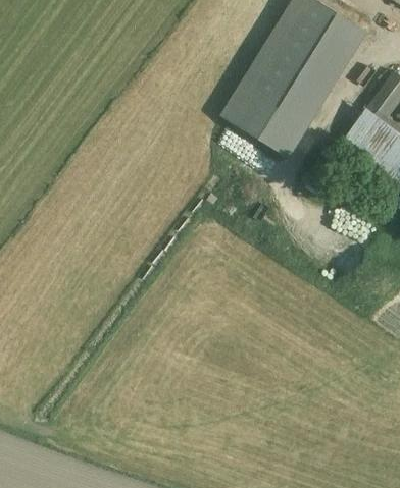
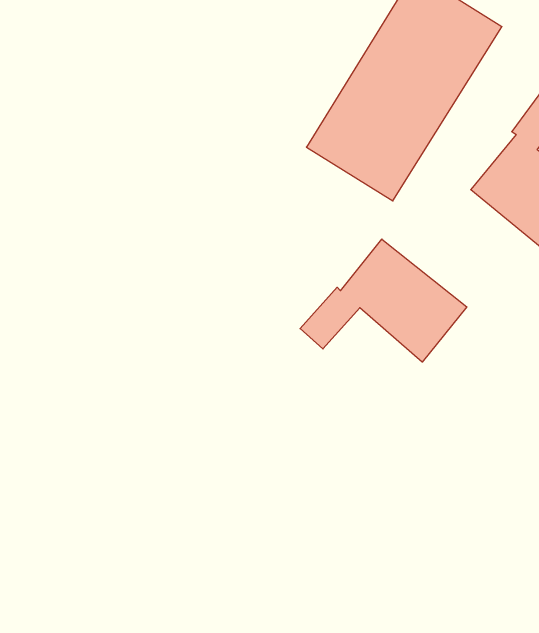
building: none -> [300,239,467,362]

